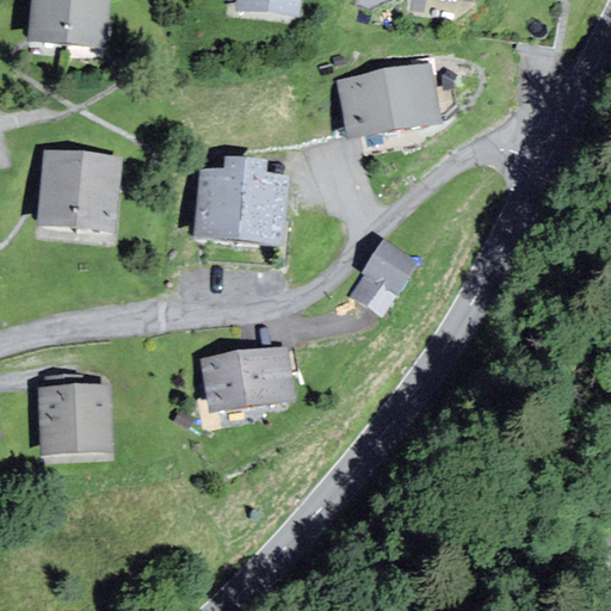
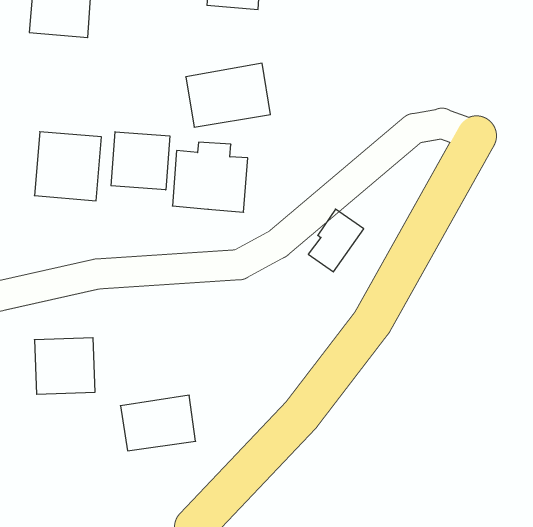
building: [340,63,437,136] -> [186,63,270,127]
building: none -> [111,132,170,190]
building: [204,346,290,409] -> [120,395,196,451]

